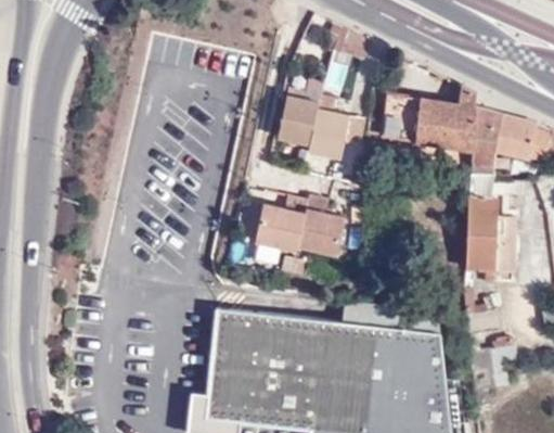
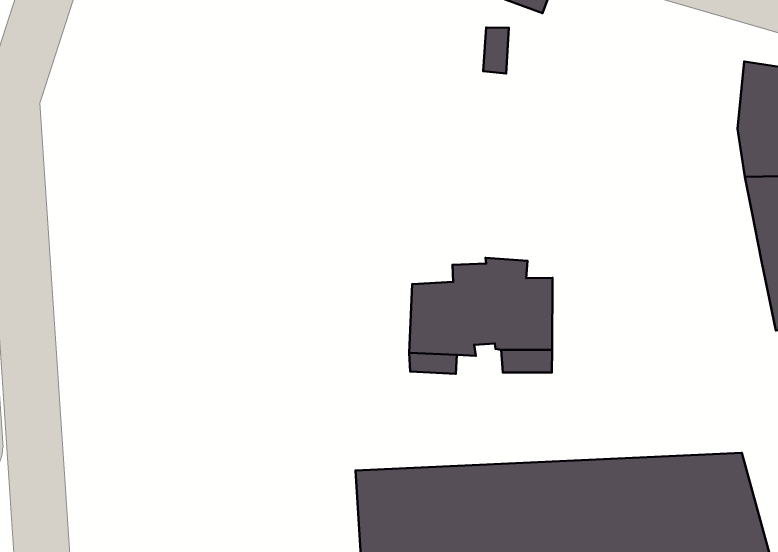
building: [385,84,479,147] -> none
building: [279,95,350,161] -> none

